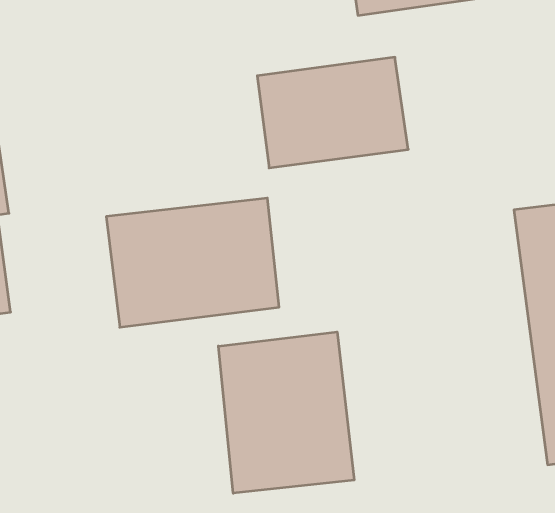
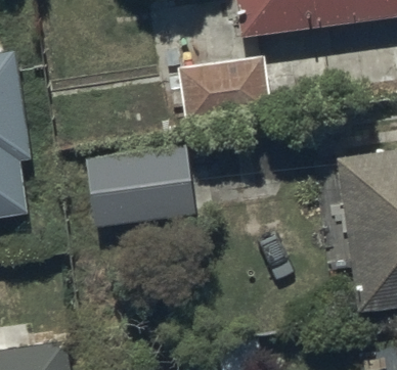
building: [218,332,354,493] -> none

